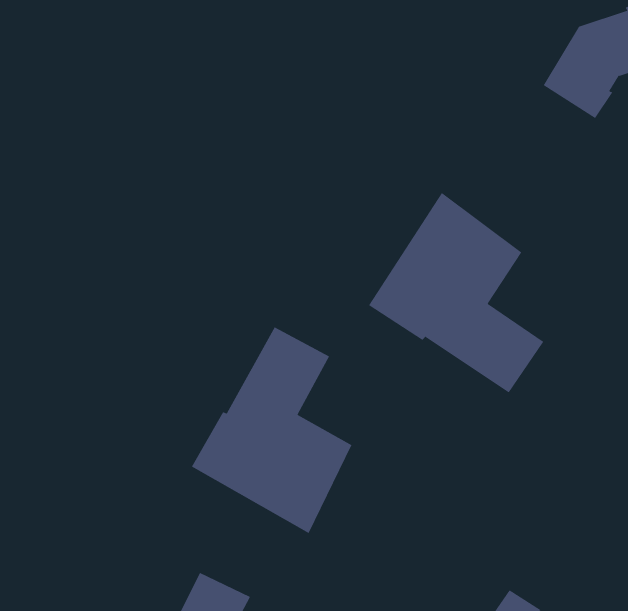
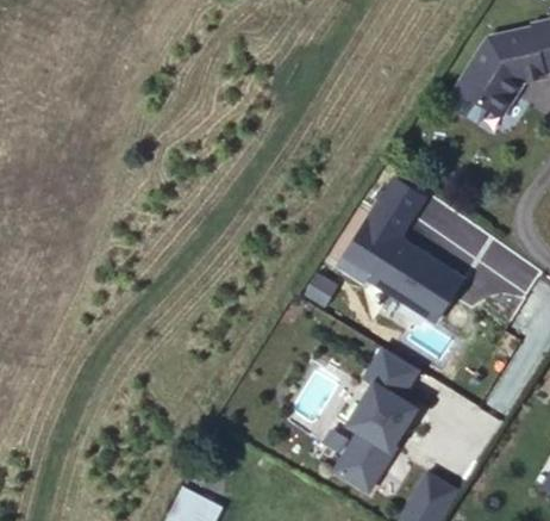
building: [191,326,352,534] -> none
building: none -> [335,355,421,497]

